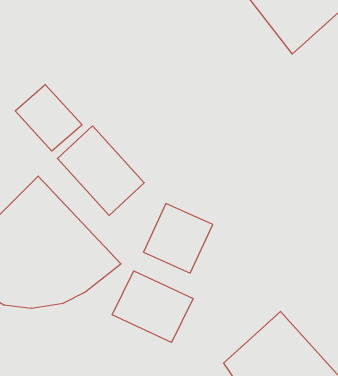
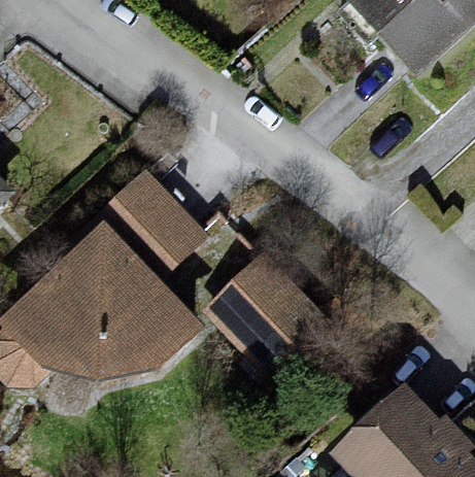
building: [15,84,82,151] -> none
building: [112,271,193,342] -> none

